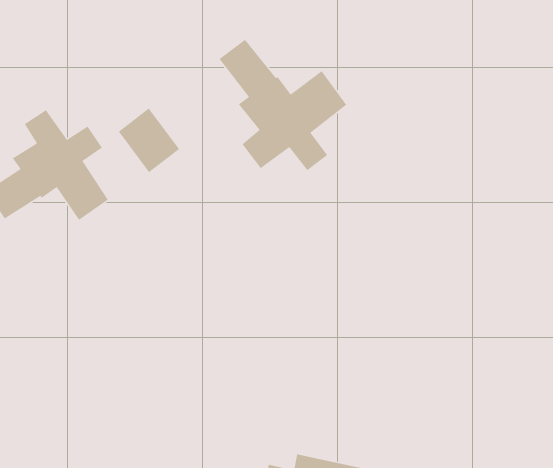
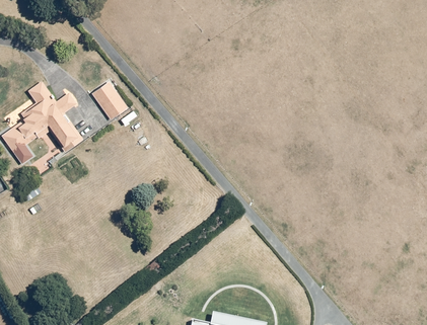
building: [218,39,347,171] -> none

